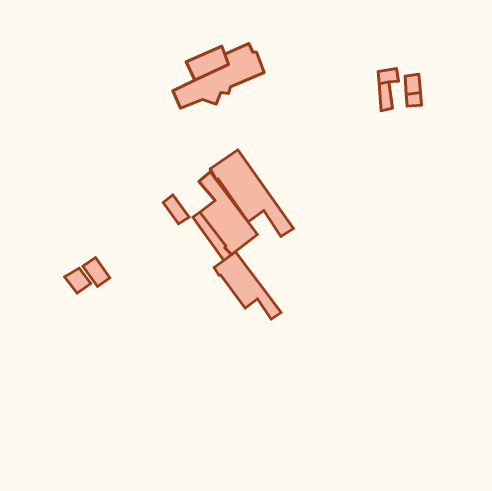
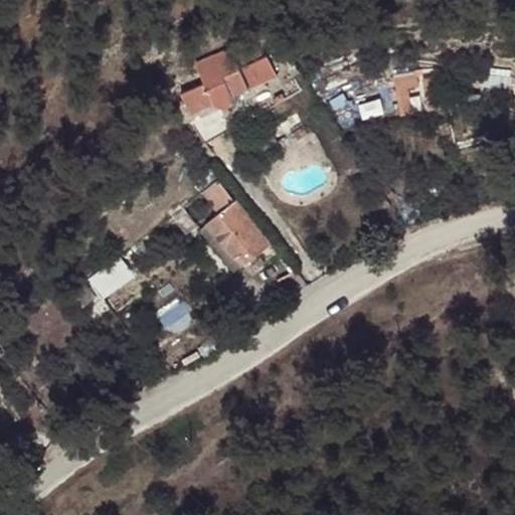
building: [210,150,294,237] -> none
building: [214,252,281,319] -> none

